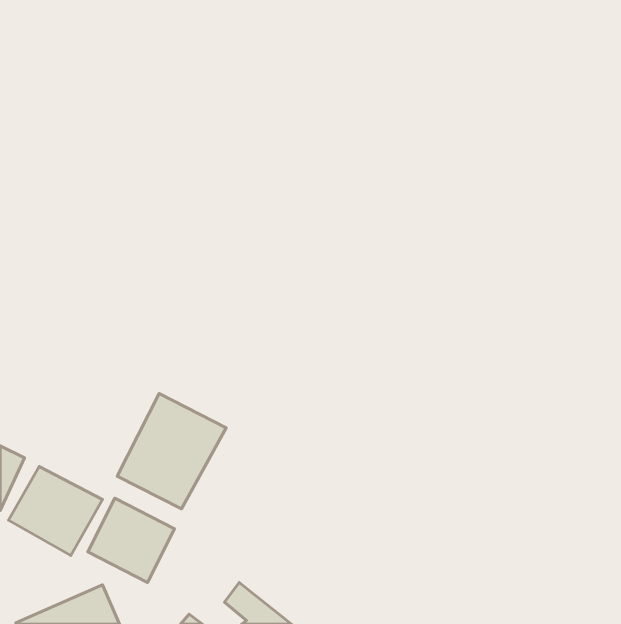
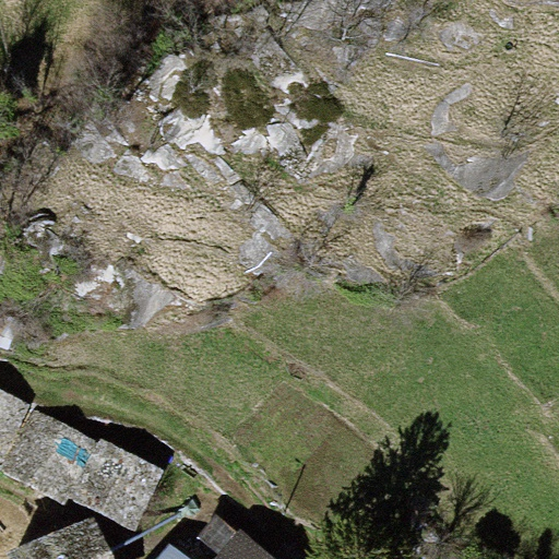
building: [117,394,226,509] -> none

